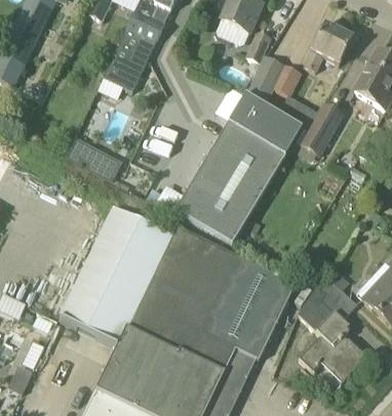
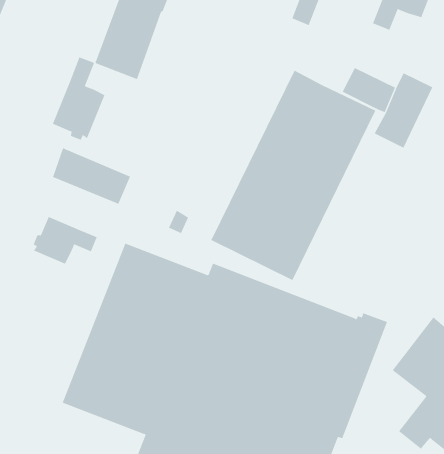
building: [246,54,300,105] -> none
building: none -> [52,56,105,140]
building: none -> [33,216,97,265]

